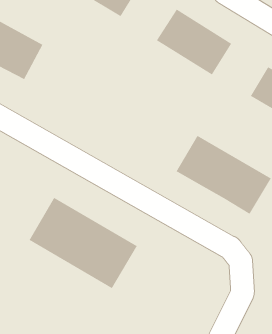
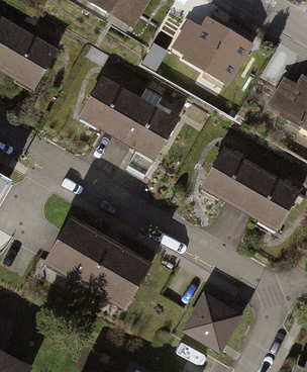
building: none -> [77,78,179,161]
building: none -> [181,289,243,353]

